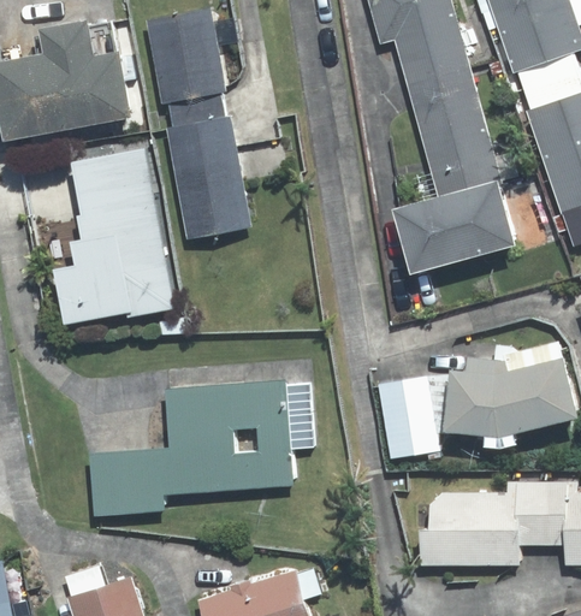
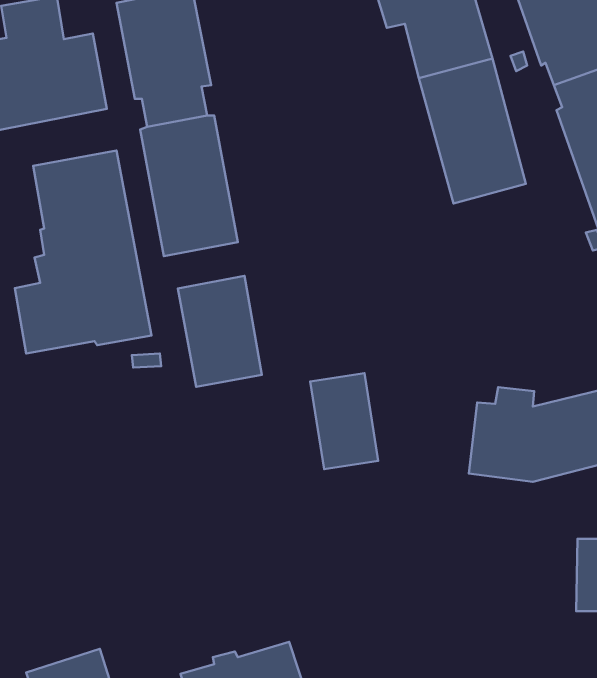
building: [398,174,522,270] -> none
building: none -> [178,276,262,387]
building: [378,377,437,460] -> [310,373,378,469]
building: [90,381,292,515] -> none
building: [425,482,544,565] -> none

